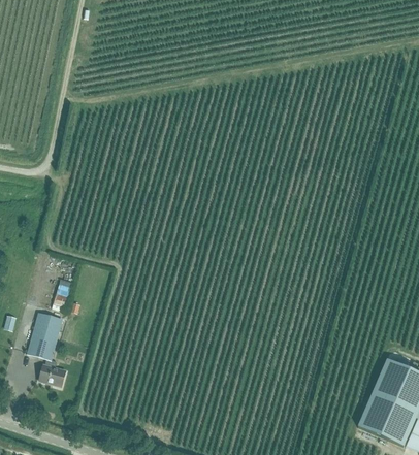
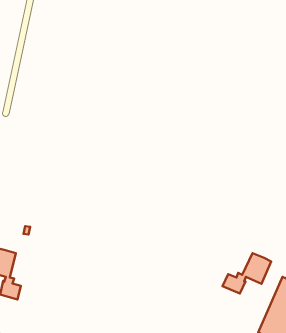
building: none -> [222,253,271,294]

